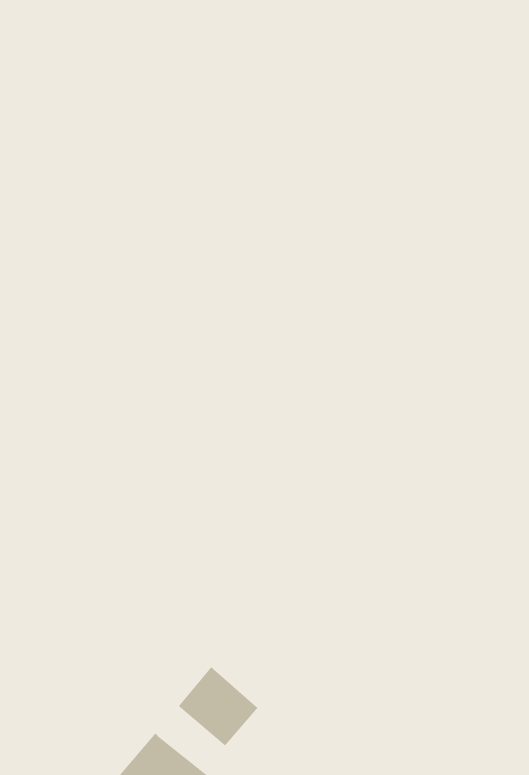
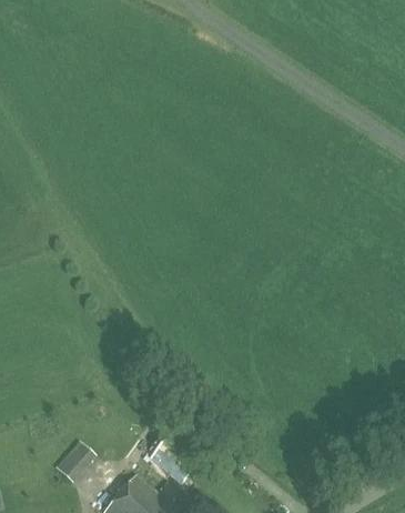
building: none -> [62,442,102,483]

